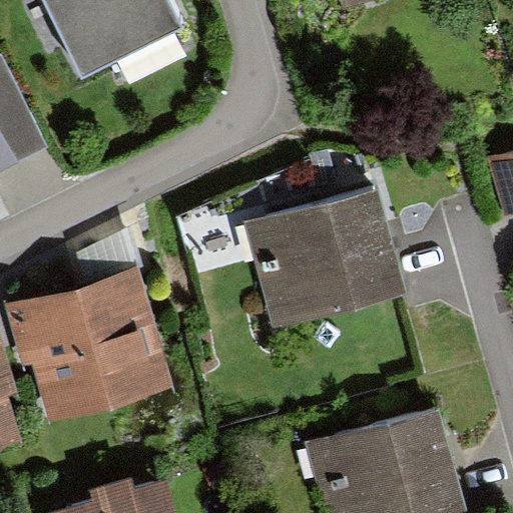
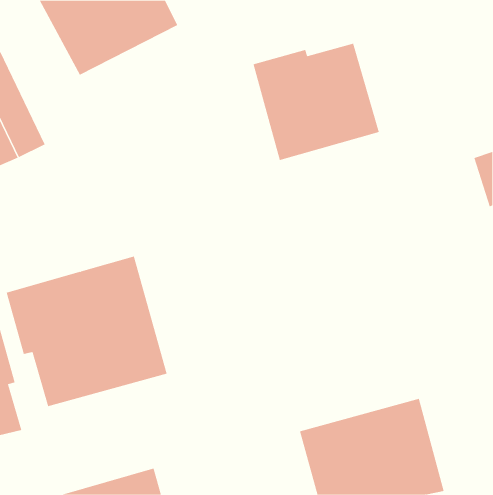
building: none -> [253,43,379,161]
building: [242,186,404,331] -> none

